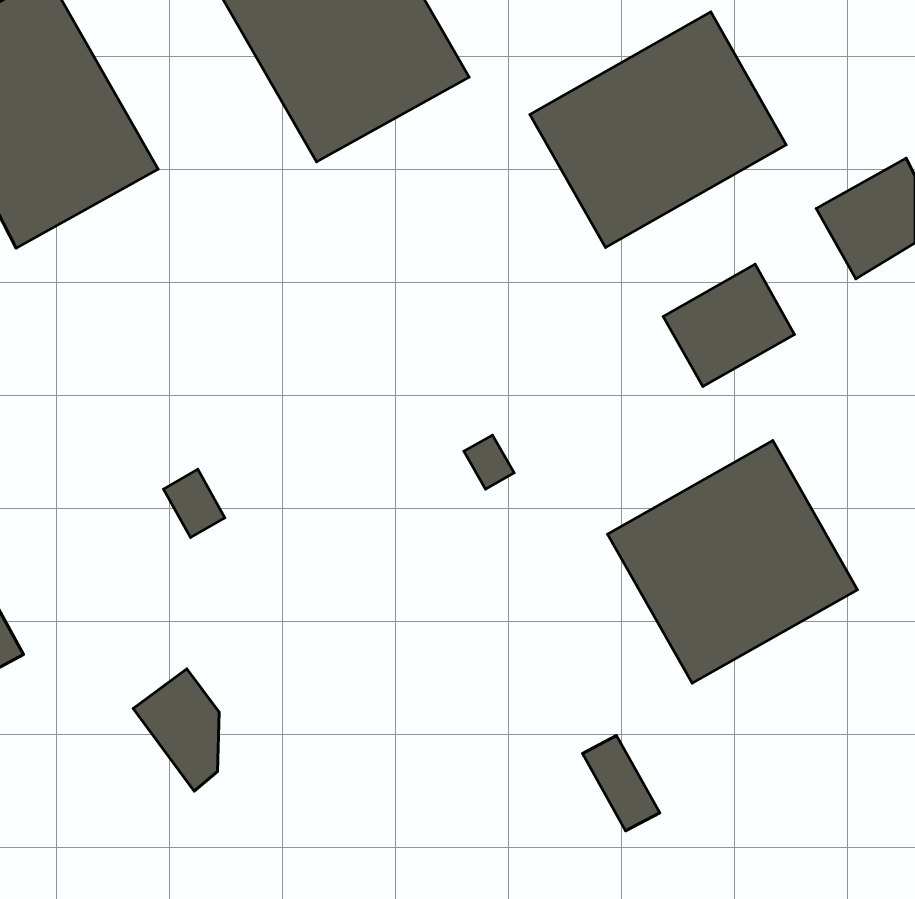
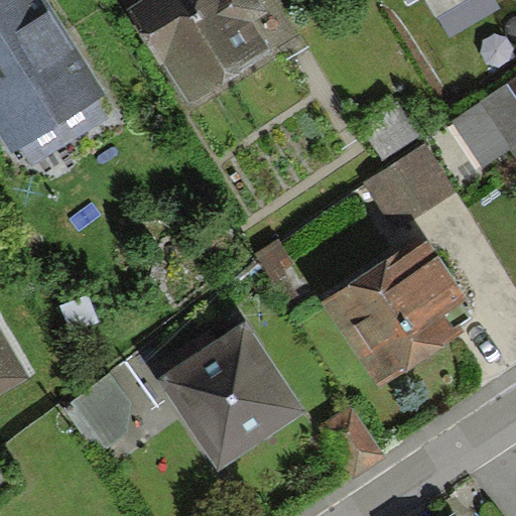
building: [530,12,786,248] -> none
building: none -> [163,328,298,460]

